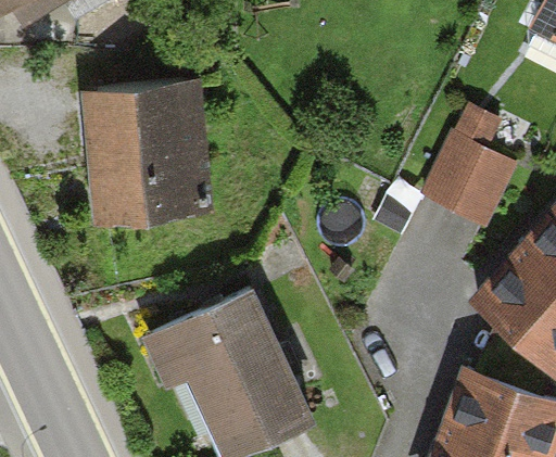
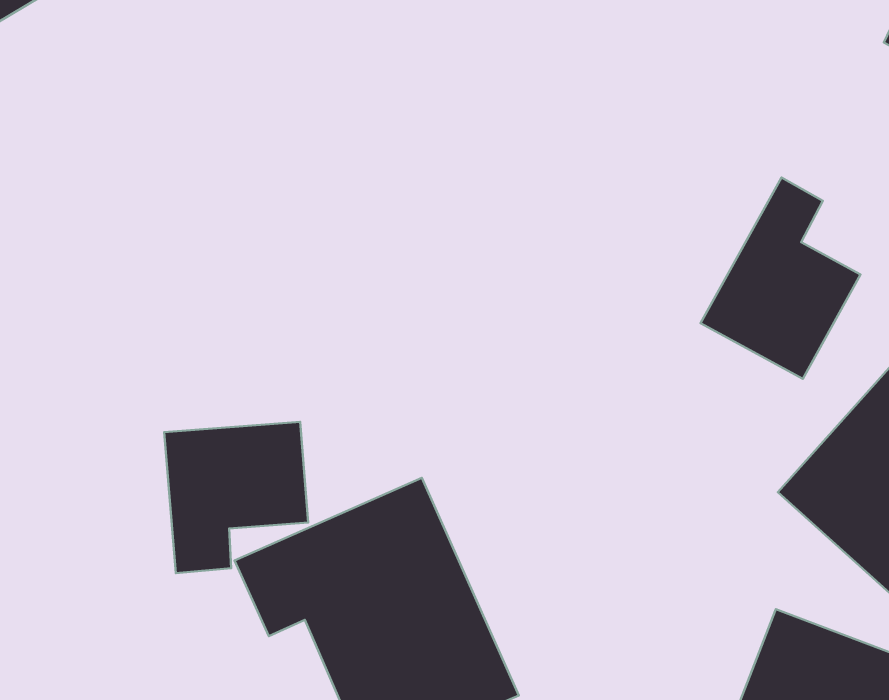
building: [86,84,212,224] -> none
building: none -> [164,422,308,573]

